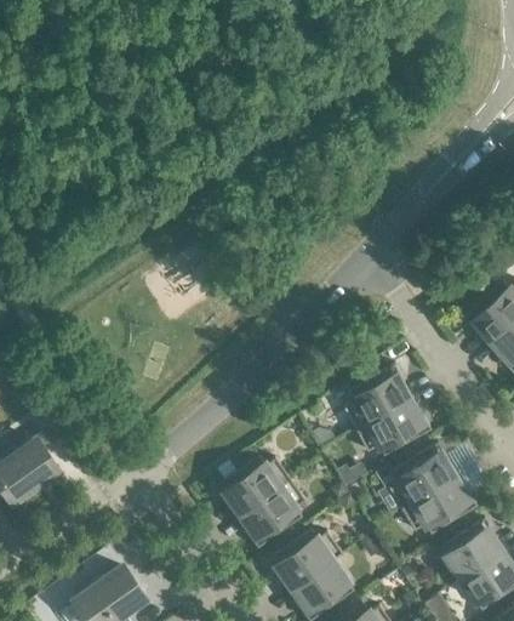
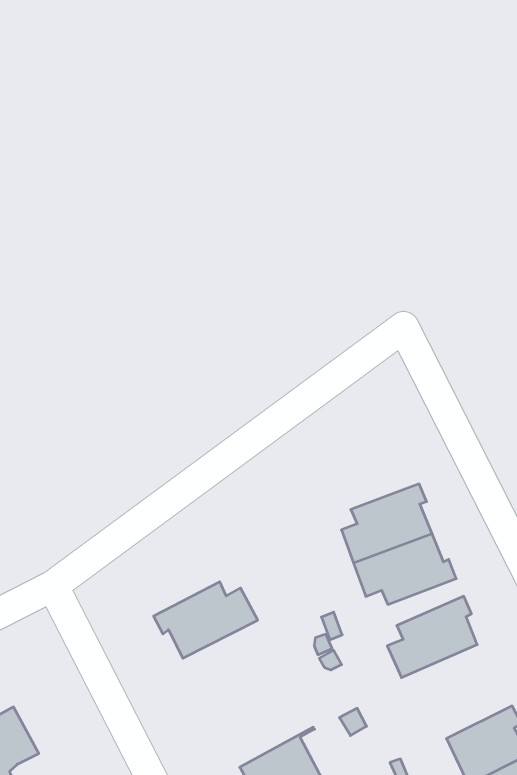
building: [400,478,476,536] -> none
building: [239,482,304,549] -> none
building: [265,531,341,591] -> none

